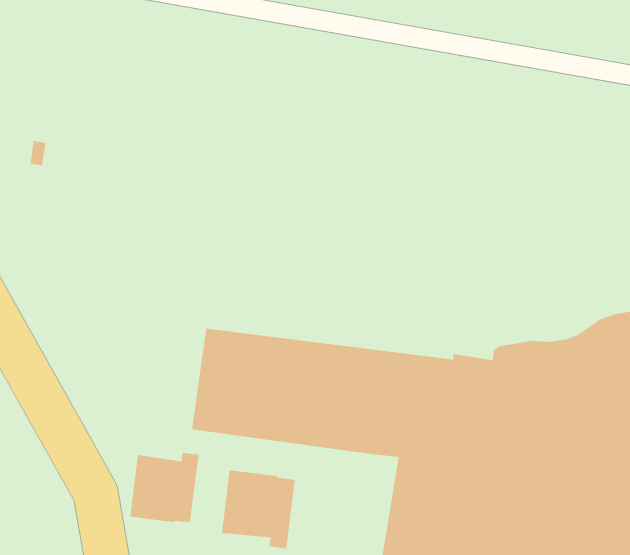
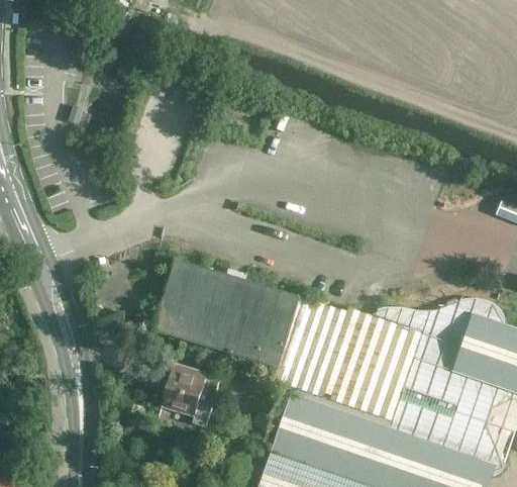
building: [130,452,199,523] -> none

